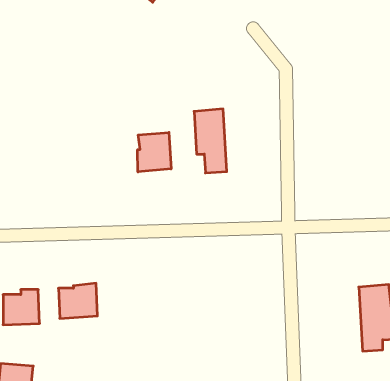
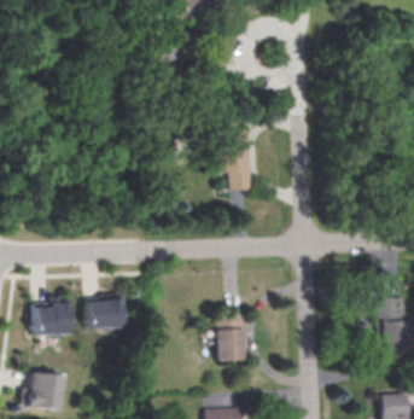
building: [138,132,171,172] -> none
building: none -> [216,314,249,360]

